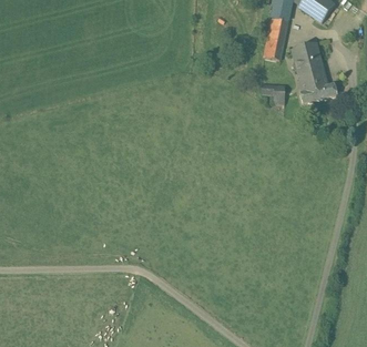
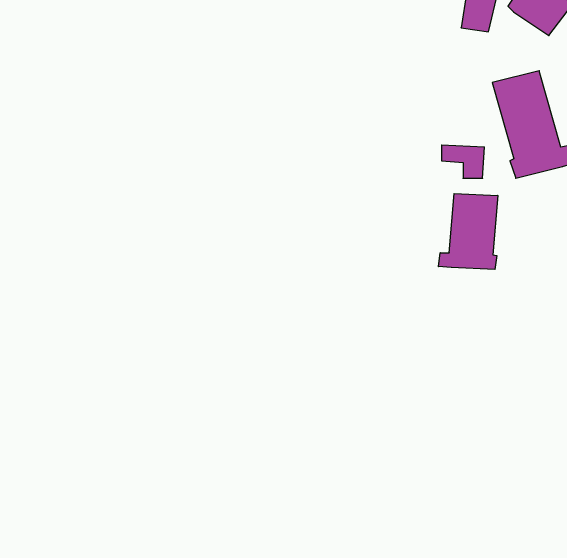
building: [264,17,287,59] -> none
building: none -> [438,194,498,269]

